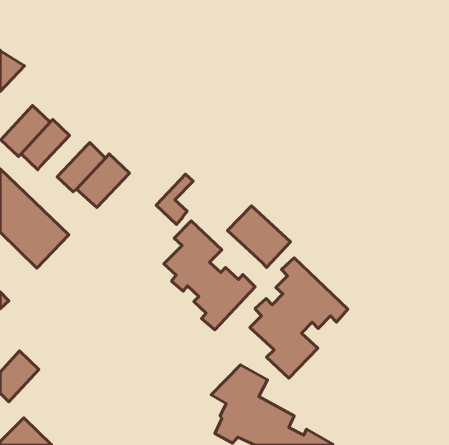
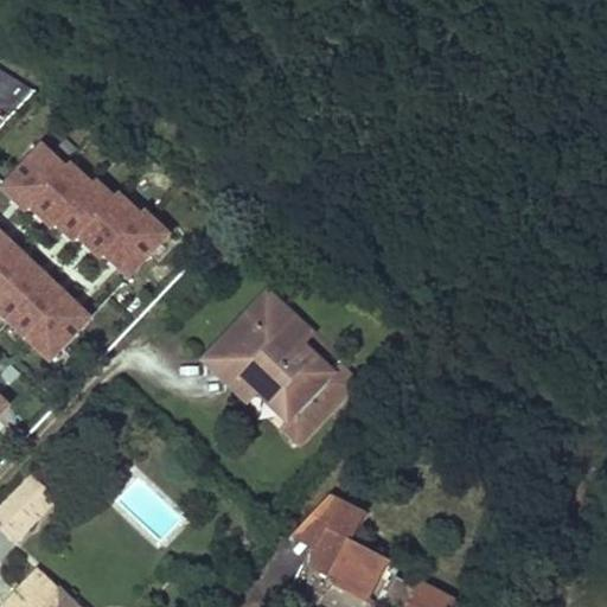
building: none -> [56,178,119,242]
building: [156,174,193,224] -> [197,321,247,389]
building: [228,206,290,268] -> none
building: [250,258,348,378] -> none

